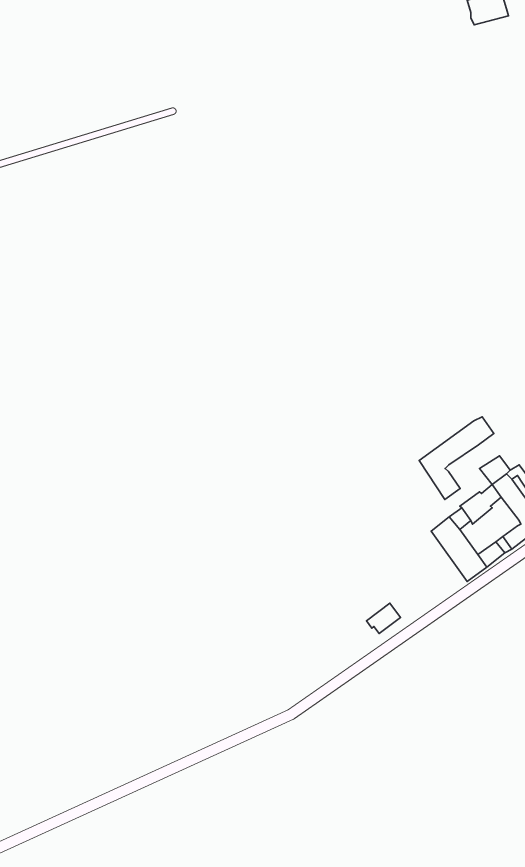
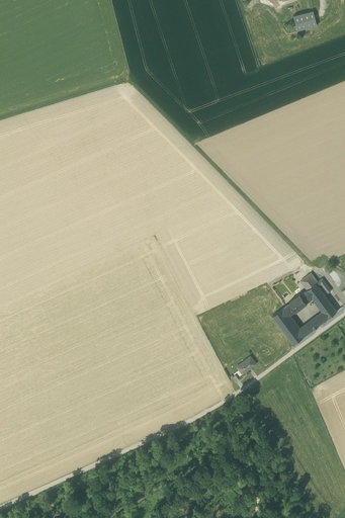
building: [419,417,494,500] -> none

